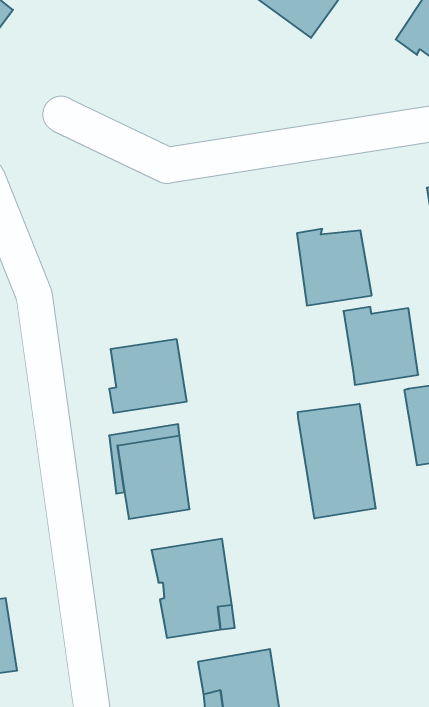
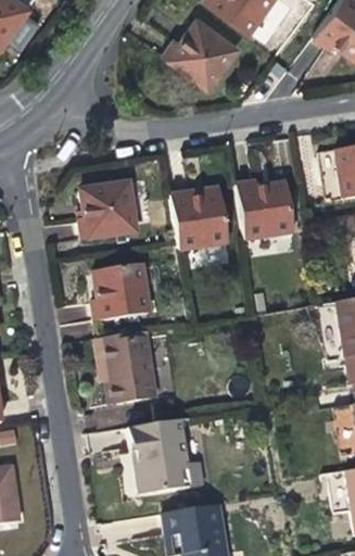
building: none -> [164,17,239,87]
building: none -> [80,185,137,240]
building: [343,307,418,385] -> [170,190,228,250]
building: [298,404,376,519] -> none

